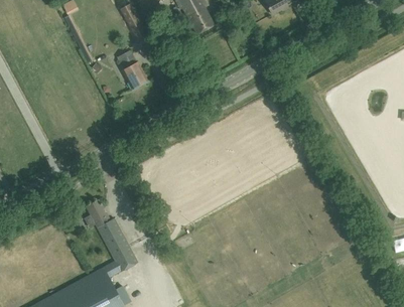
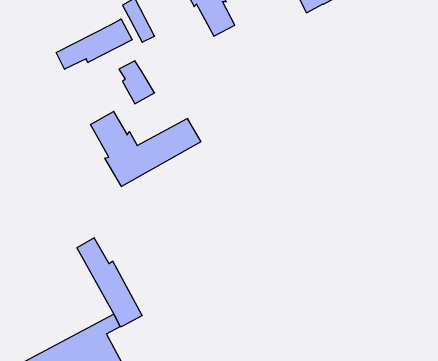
building: none -> [56,19,132,69]
building: none -> [90,111,201,187]

